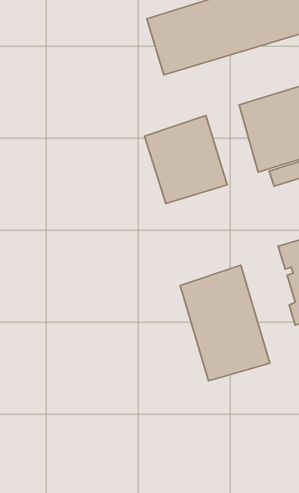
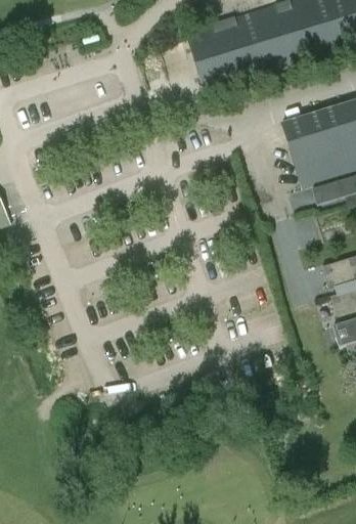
building: [144,115,227,204] -> none
building: [180,265,270,381] -> none

